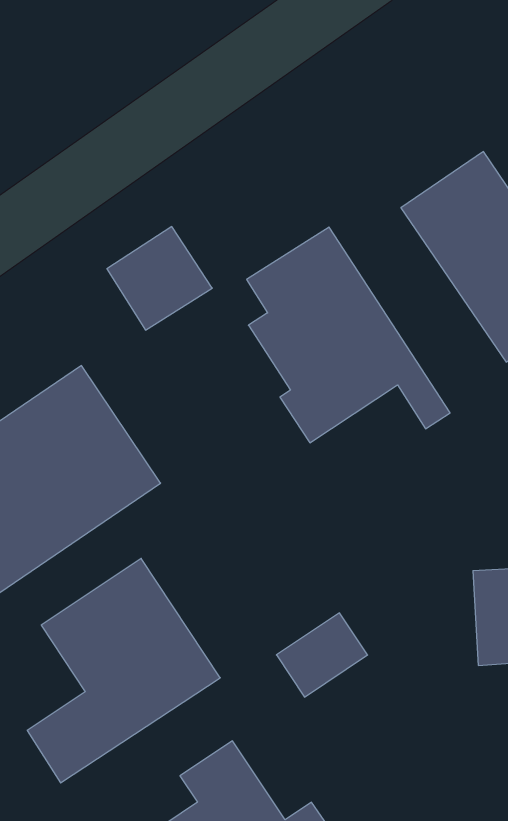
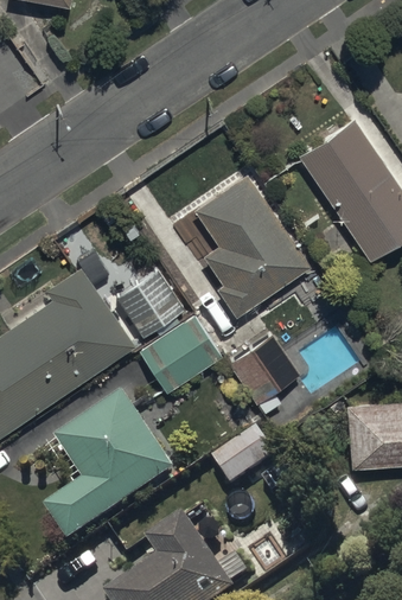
building: [107,227,212,330] -> [115,270,186,340]
building: none -> [139,317,222,396]
building: none -> [229,336,300,415]

